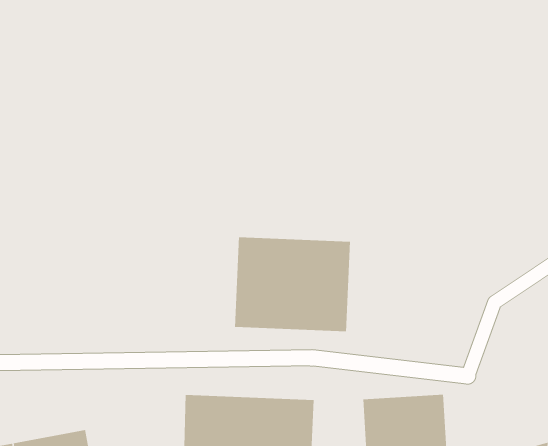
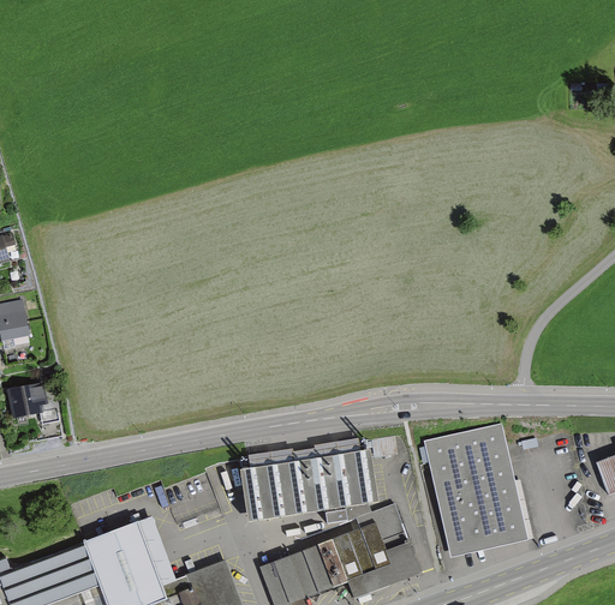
building: [235,236,351,332] -> none

